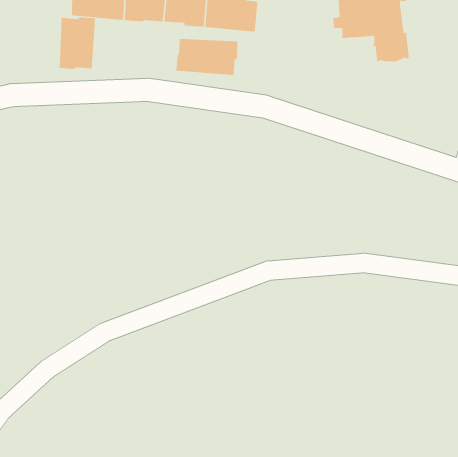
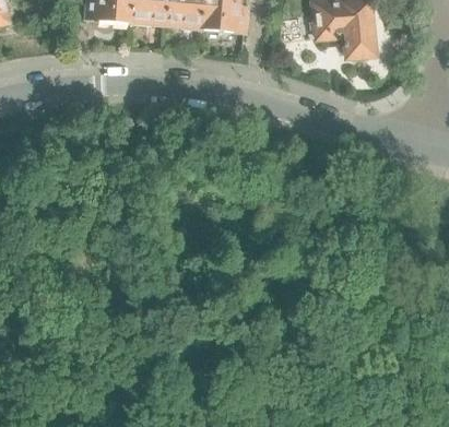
building: [59,17,95,70] -> none
building: [176,38,238,76] -> none

